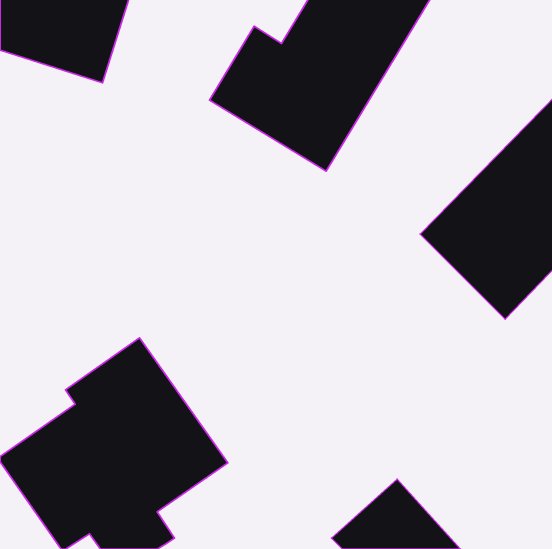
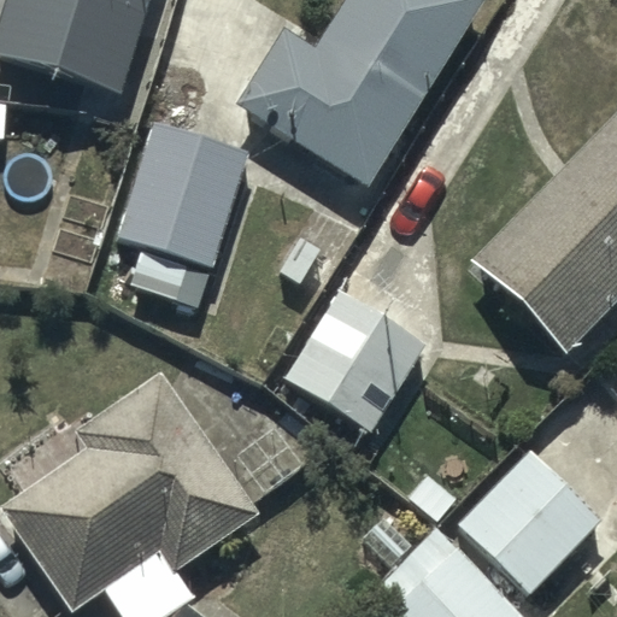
building: none -> [116,124,246,306]
building: none -> [284,289,430,433]
building: none -> [459,448,600,590]

